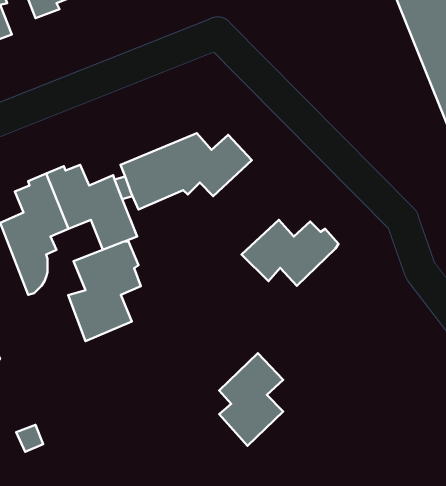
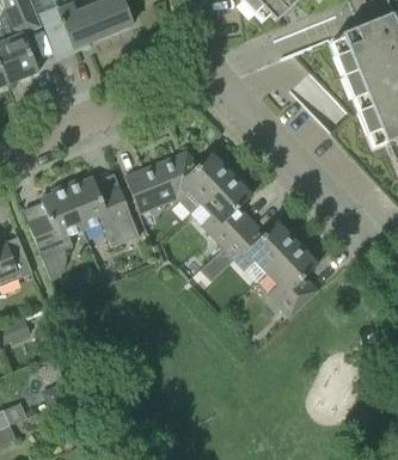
building: none -> [200,173,252,249]
building: [68,241,141,341] -> none
building: [219,353,283,446] -> [267,244,318,318]

